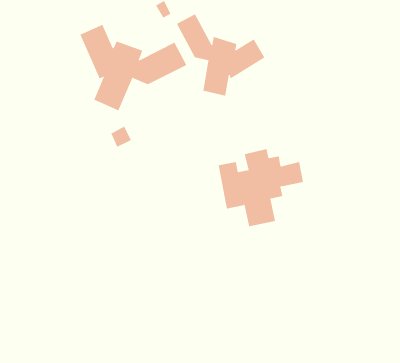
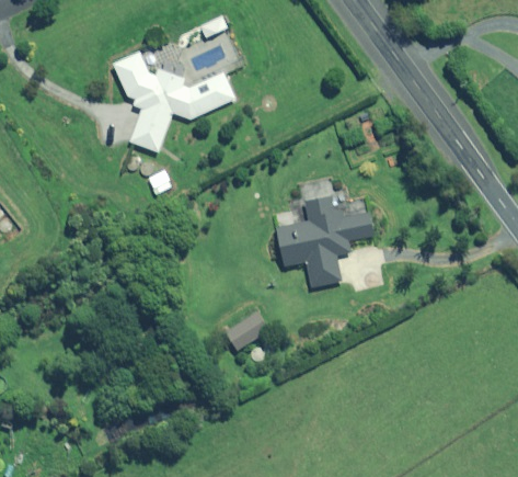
building: [176,14,265,96] -> none
building: none -> [225,310,269,351]

